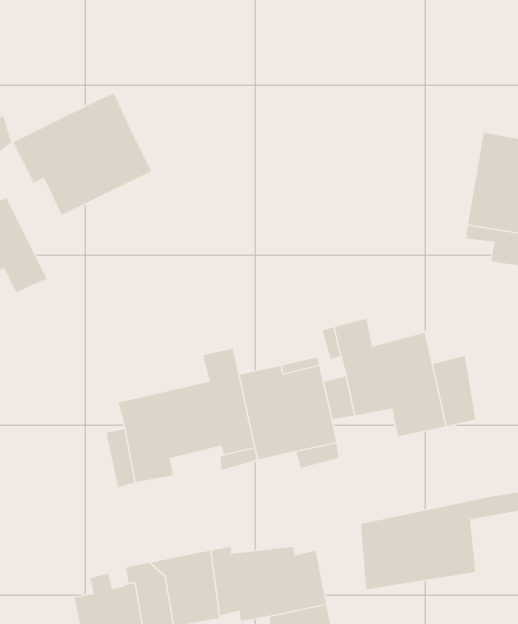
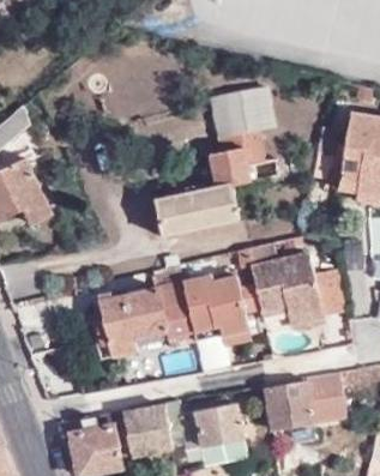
building: none -> [157,85,279,237]
building: [12,93,153,216] -> none

